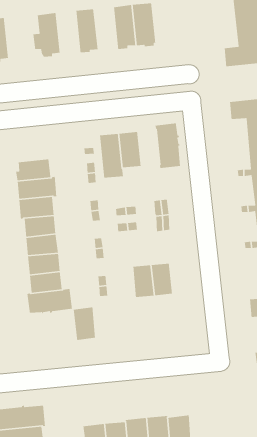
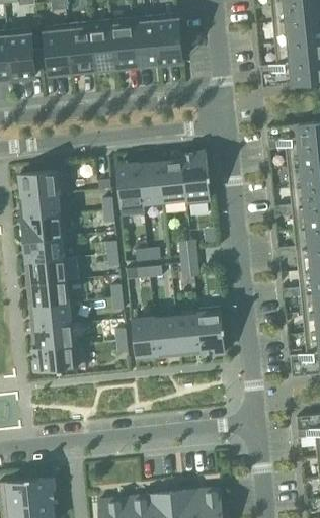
building: none -> [111,18,139,69]
building: none -> [68,22,95,74]
building: none -> [8,28,35,80]
building: none -> [162,160,187,202]
building: none -> [21,170,69,197]
building: none -> [197,307,226,355]
building: [73,307,96,341] -> [133,318,159,357]

